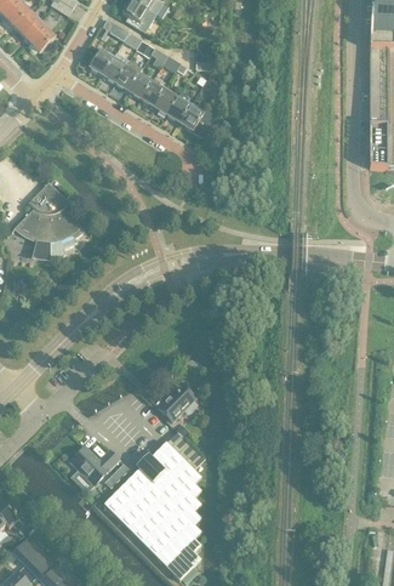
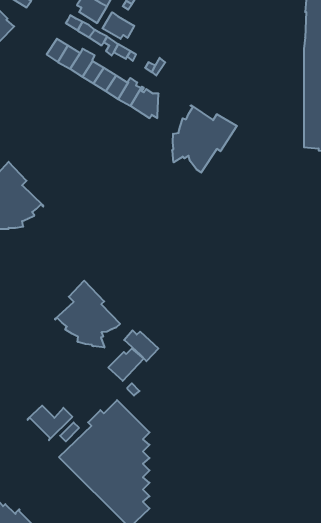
building: none -> [102,12,134,39]
building: none -> [172,105,237,173]
building: none -> [55,281,120,348]
building: none -> [124,330,158,361]

